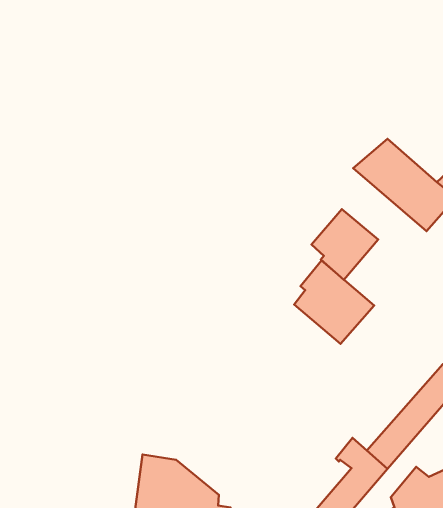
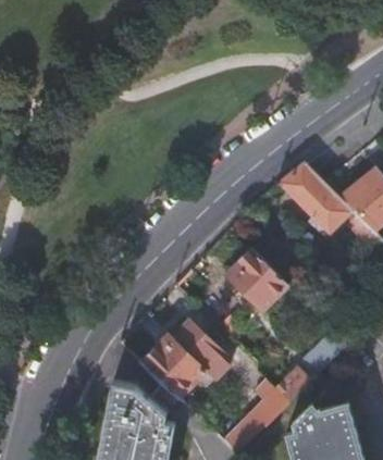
building: [312,209,378,280] -> none
building: none -> [143,321,231,397]

